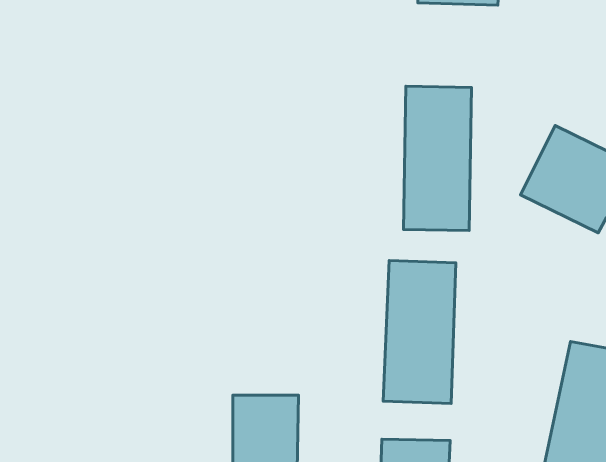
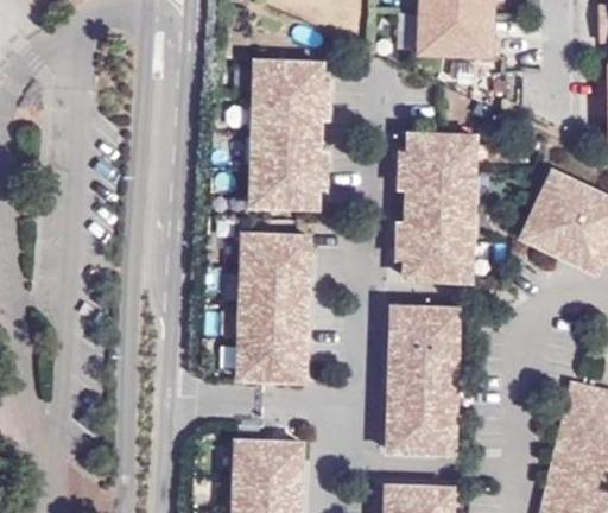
building: none -> [247,59,321,202]
building: none -> [239,233,308,373]

